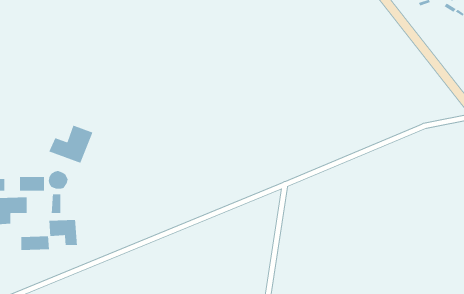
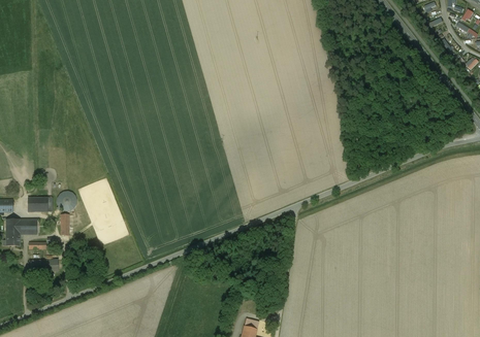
building: [48,124,94,164] -> none
building: [48,219,78,246] -> none

